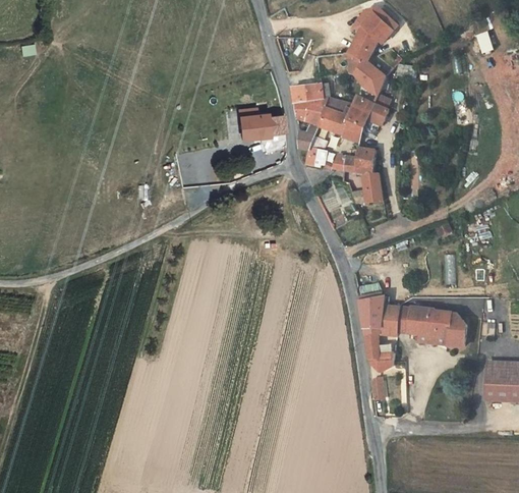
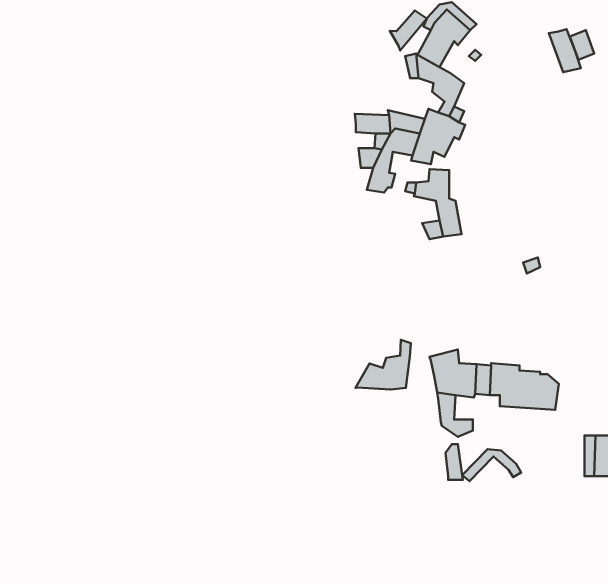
building: none -> [390,11,427,51]
building: none -> [549,29,581,72]
building: [295,80,325,101] -> none
building: [235,115,279,136] -> none
building: none -> [356,340,411,389]
building: none -> [462,449,521,481]

